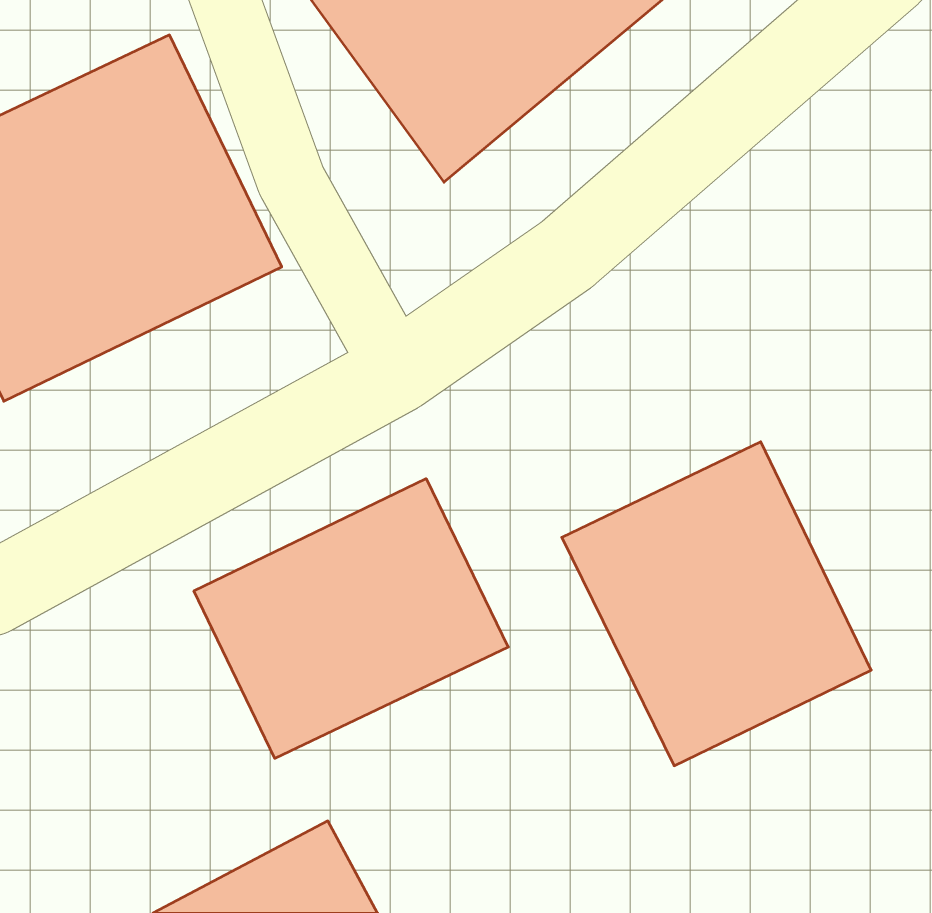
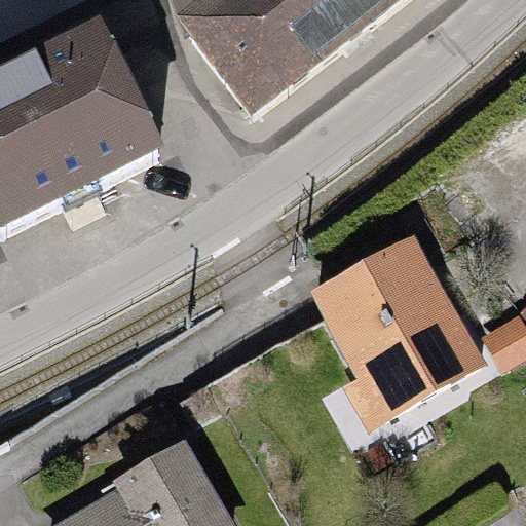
building: [194,479,508,758] -> none

